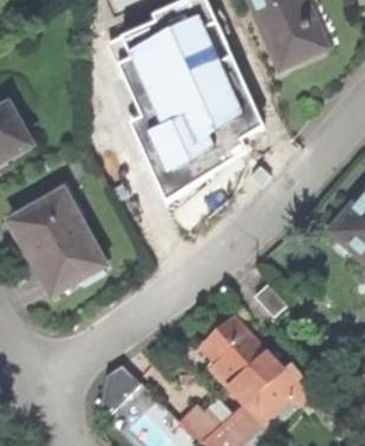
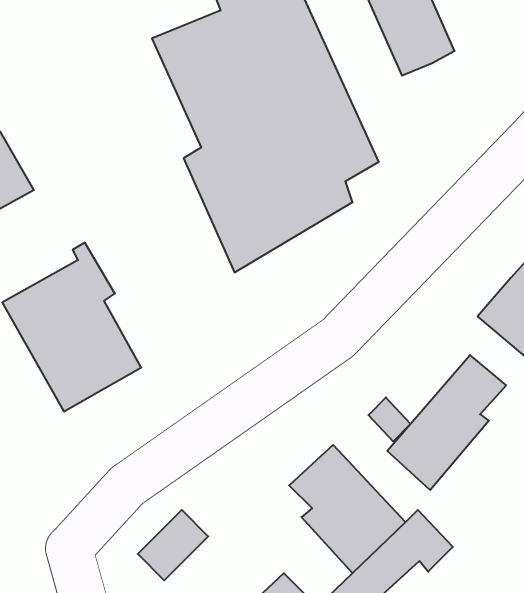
building: none -> [387,355,506,490]

